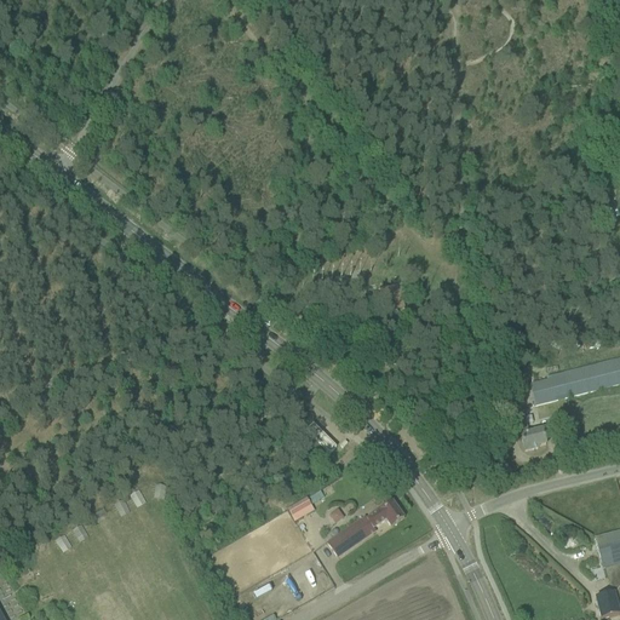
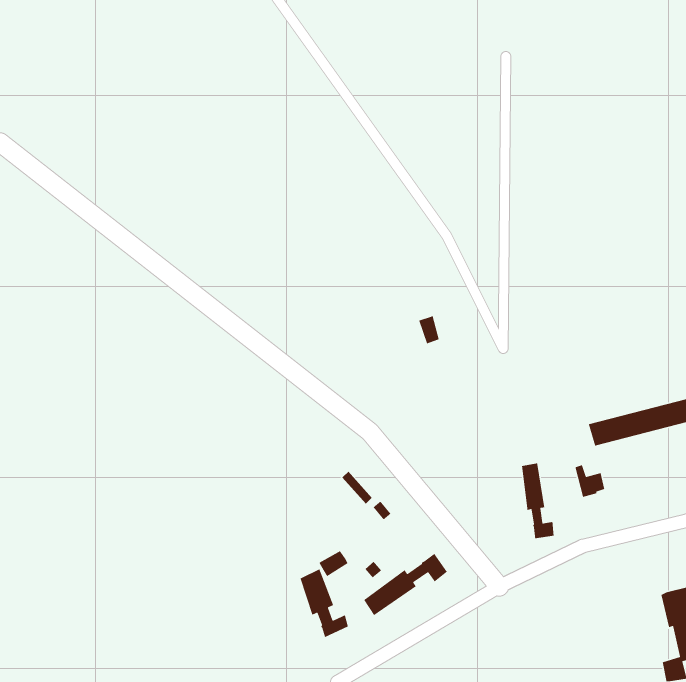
building: none -> [521,463,555,539]
building: none -> [300,568,349,638]

